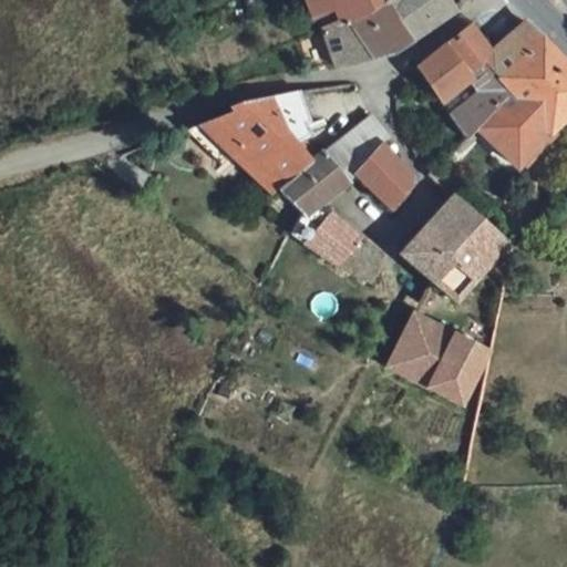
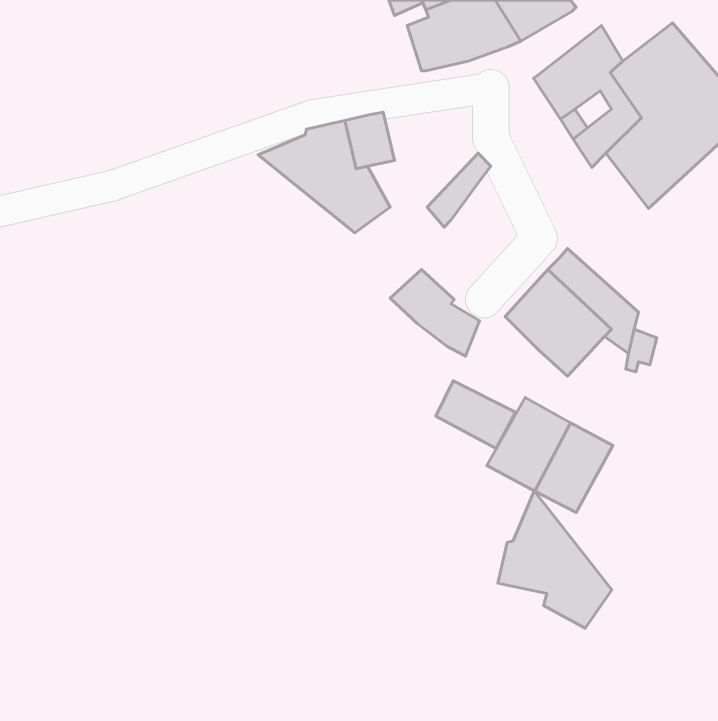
building: [358,143,411,208] -> none
building: [282,153,352,206] -> none
building: none -> [436,381,515,449]
building: none -> [498,491,612,628]

